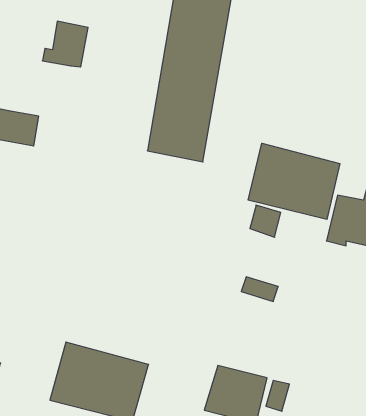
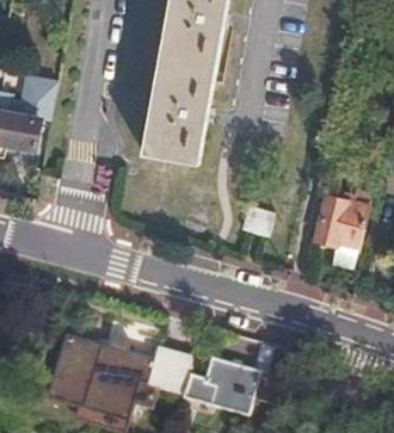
building: [42,21,88,67] -> [11,76,55,120]
building: [248,143,340,219] -> none
building: none -> [146,347,196,396]

